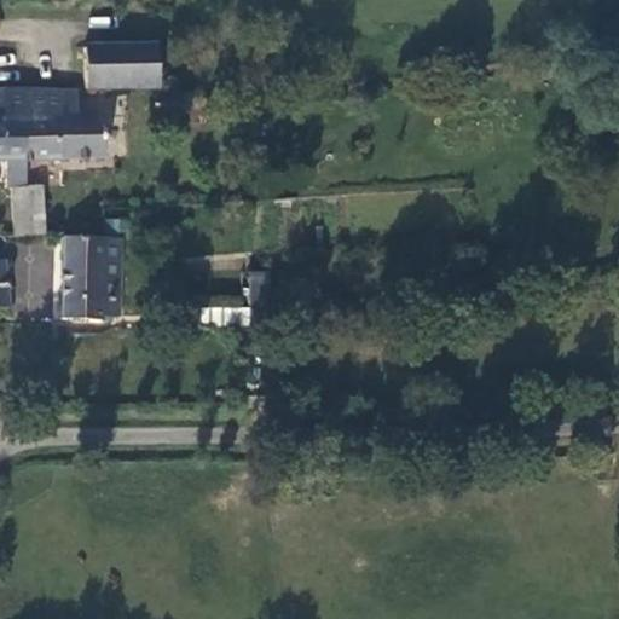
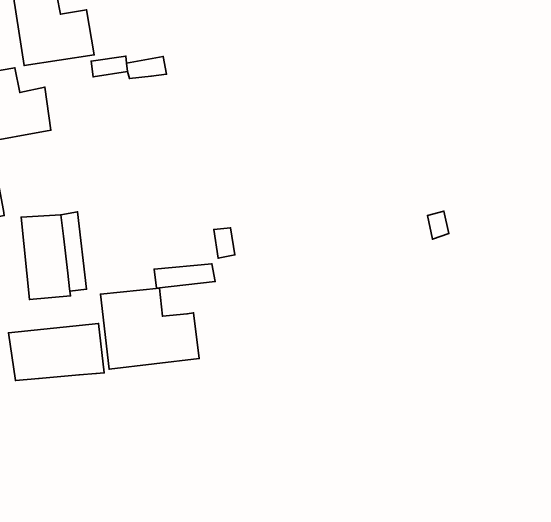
building: none -> [100,288,199,369]
building: none -> [8,324,104,380]

